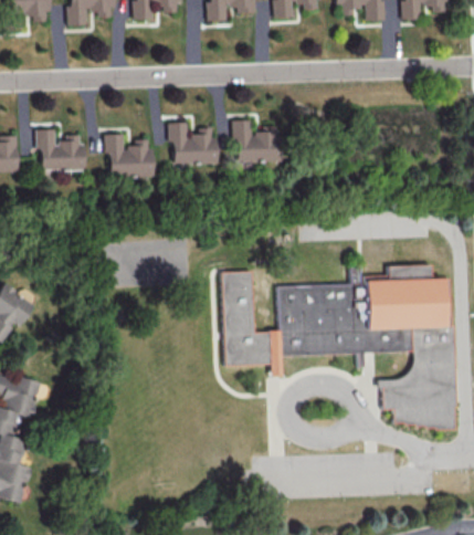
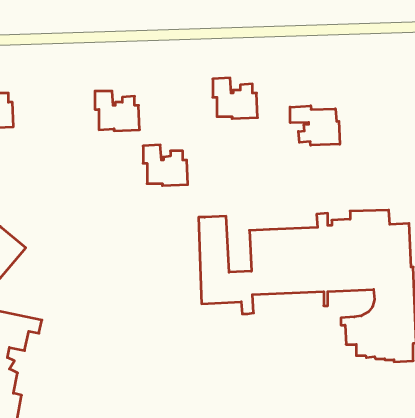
building: [171,122,220,166] -> [143,145,188,186]
building: [38,130,86,174] -> none
building: none -> [290,106,340,145]

